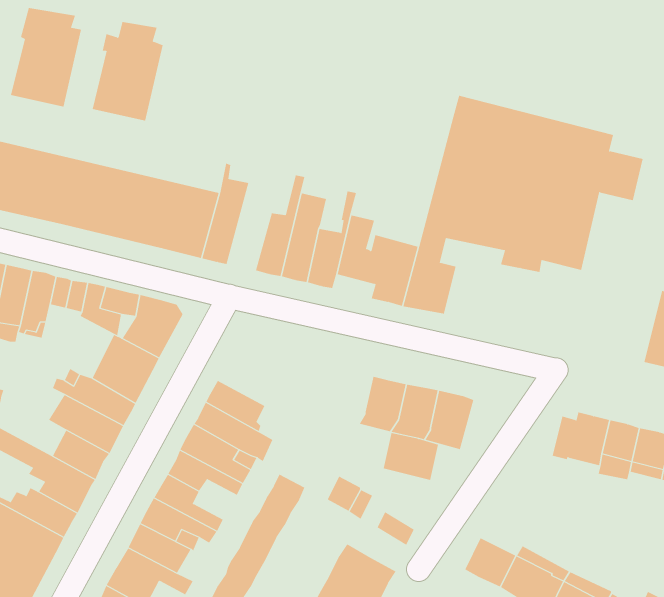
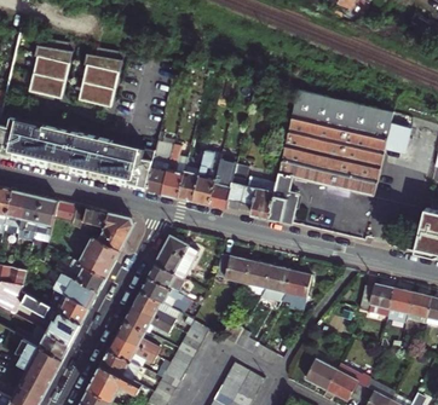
building: none -> [161,144,188,197]
building: none -> [155,236,198,279]
building: [383,433,439,480] -> [215,254,249,283]

